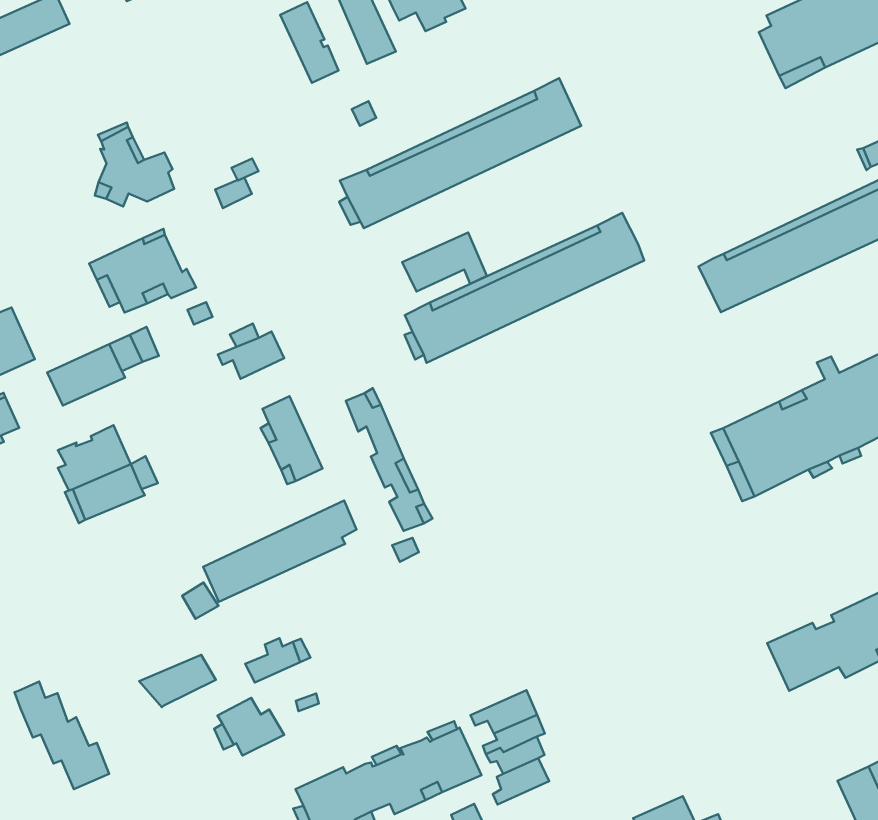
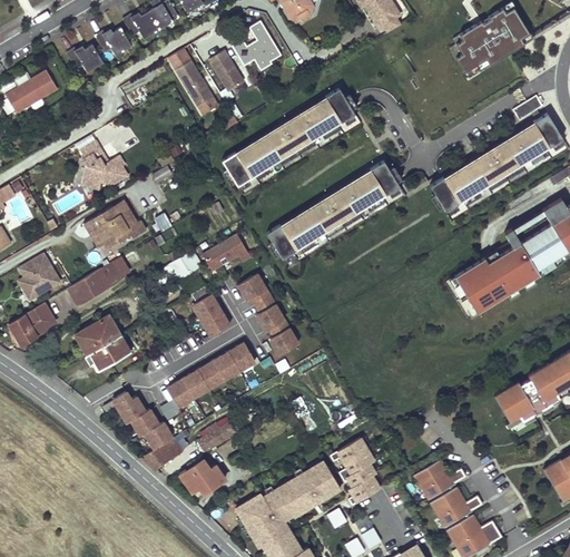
building: [402,233,487,291] -> [203,234,252,271]
building: [14,681,109,789] -> [115,391,174,450]
building: none -> [414,460,465,499]

